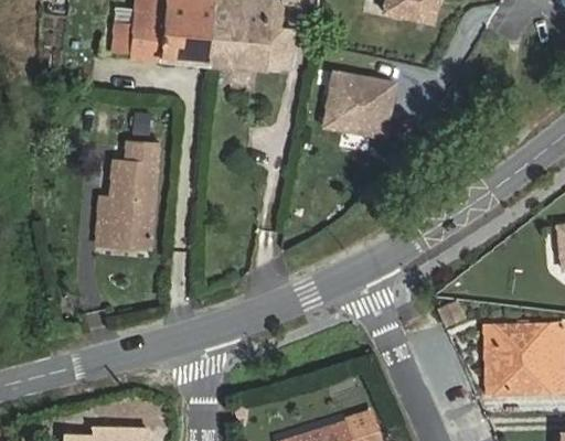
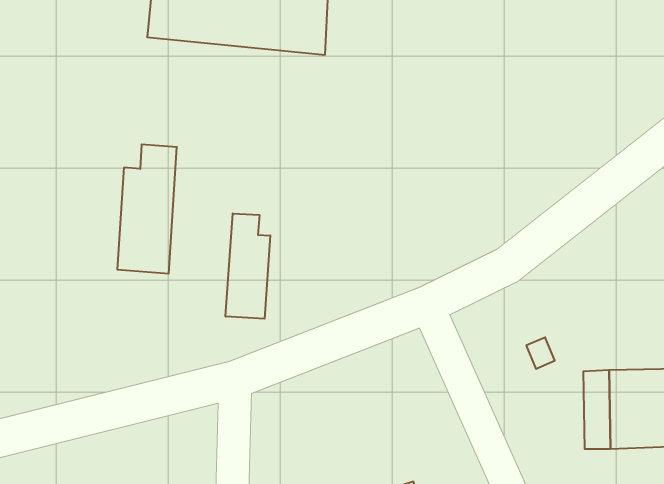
building: [321,69,399,139] -> none
building: none -> [226,213,270,319]

